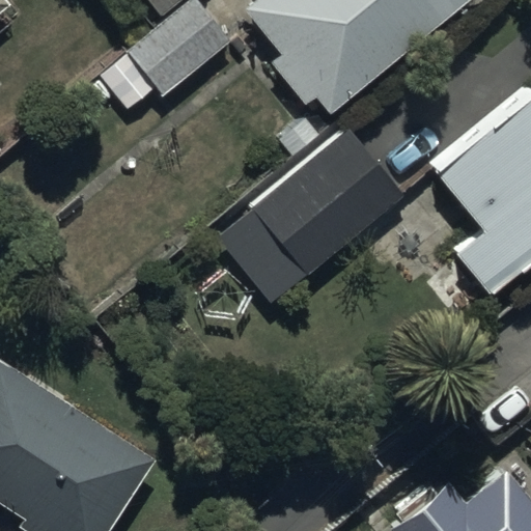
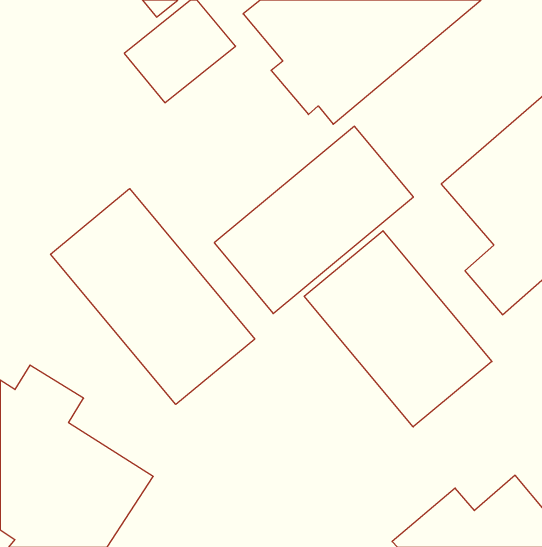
building: none -> [51,189,255,404]
building: none -> [304,231,492,427]

